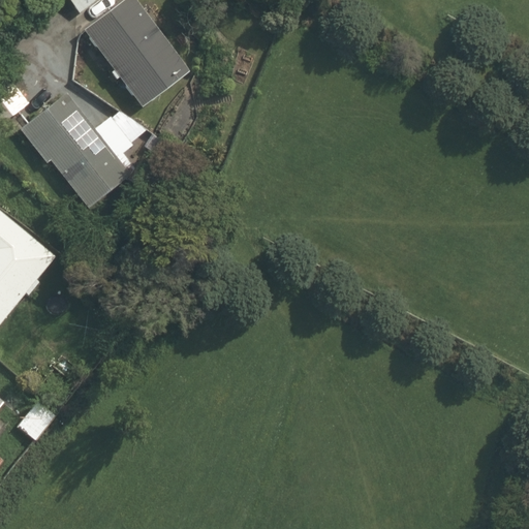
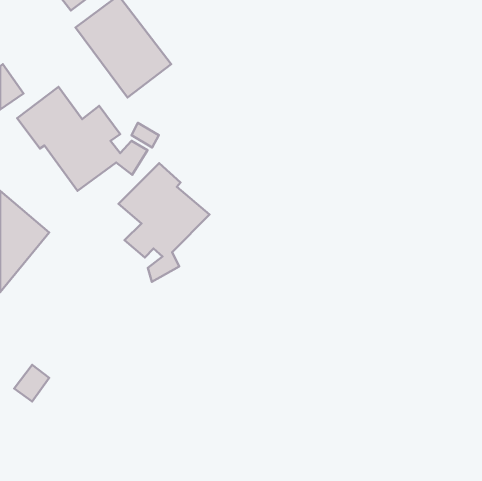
building: none -> [118,163,209,282]

